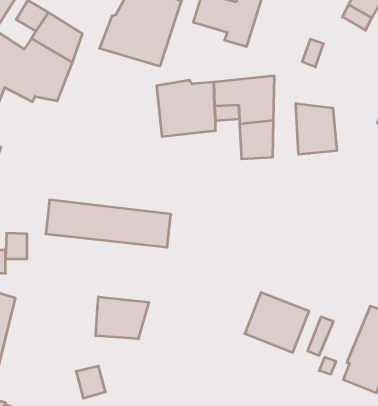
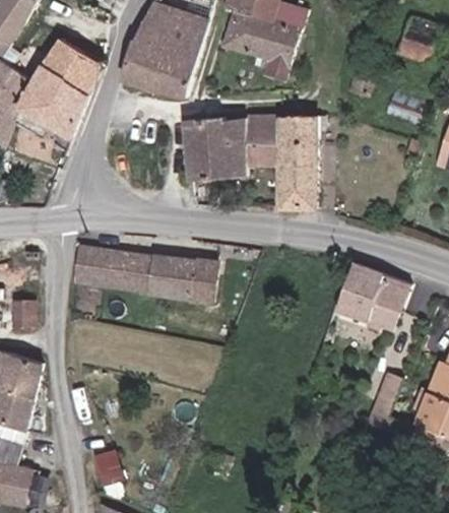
building: [296,103,337,154] -> none
building: [245,293,309,352] -> [331,267,404,335]
building: [96,297,149,339] -> none

